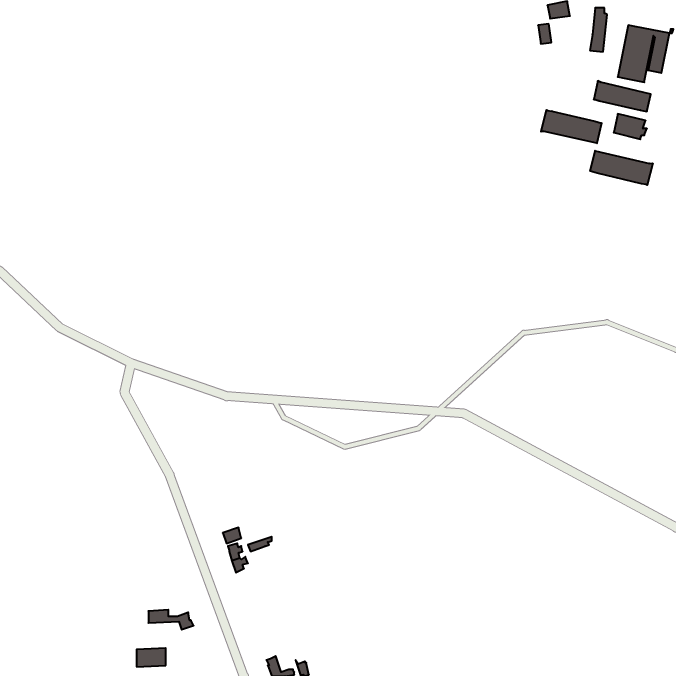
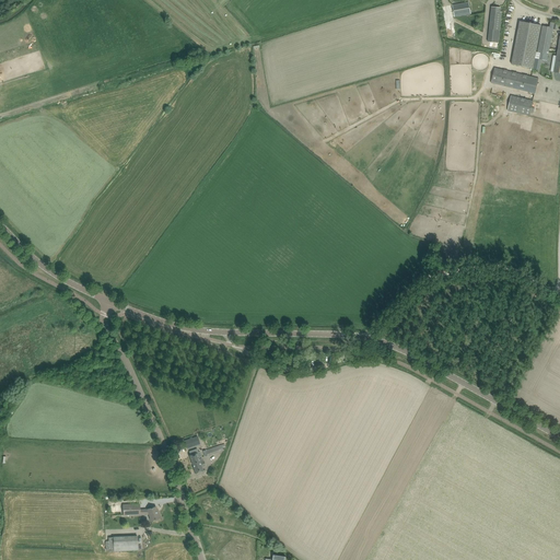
building: [541,110,602,143] -> none
building: [590,151,653,185] -> none

